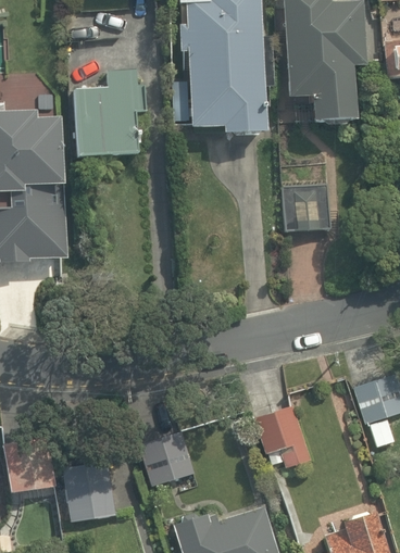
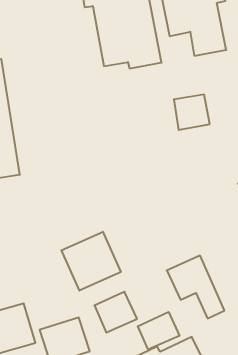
building: [73,68,151,161] -> none
building: none -> [61,232,121,291]
building: none -> [138,312,179,350]

